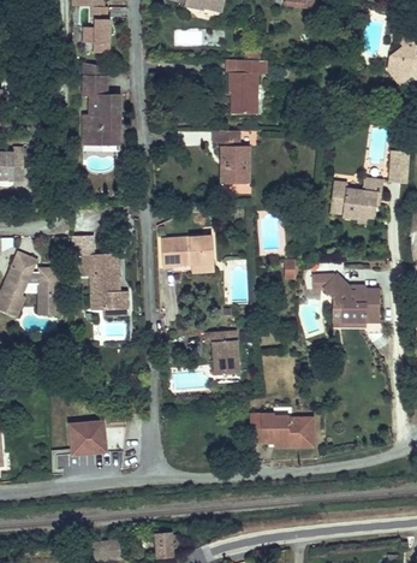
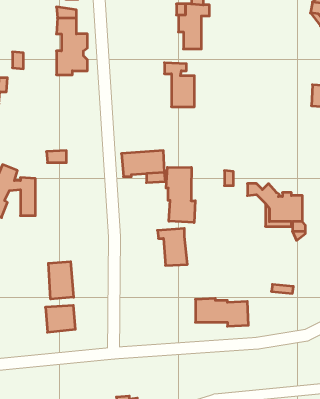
building: [330,176,383,219] -> none
building: [83,253,127,308] -> none
building: none -> [166,167,195,223]
building: none -> [48,262,74,299]

